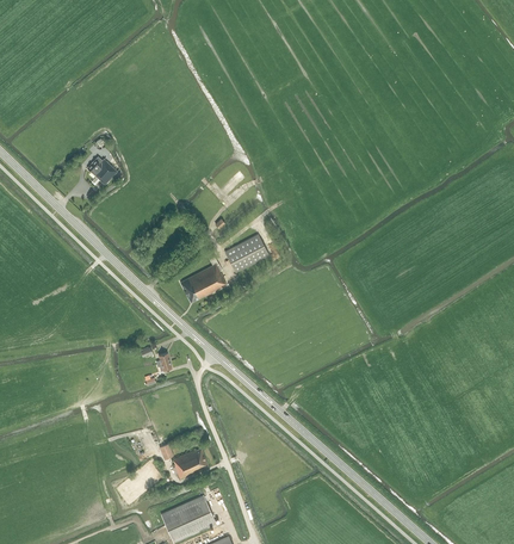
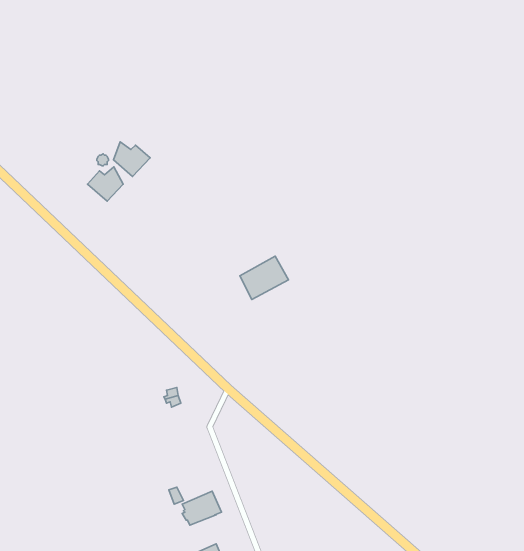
building: none -> [114,142,150,177]
building: [179,256,225,302] -> none

